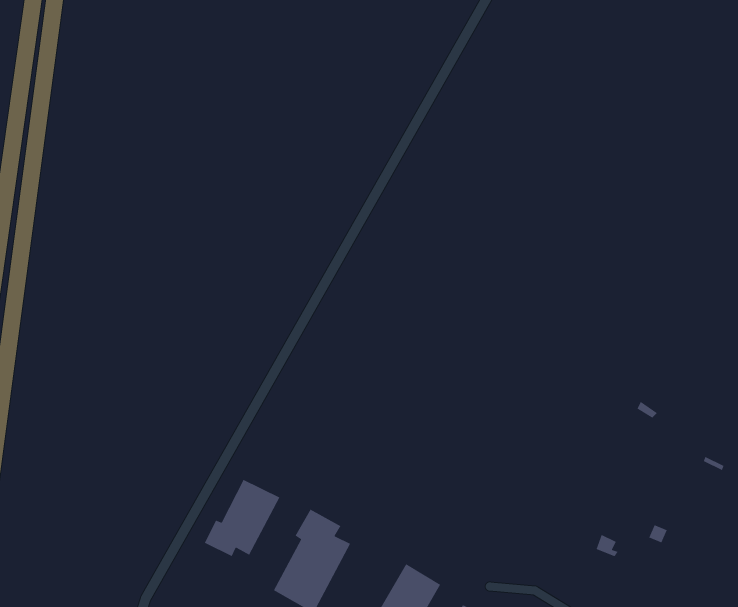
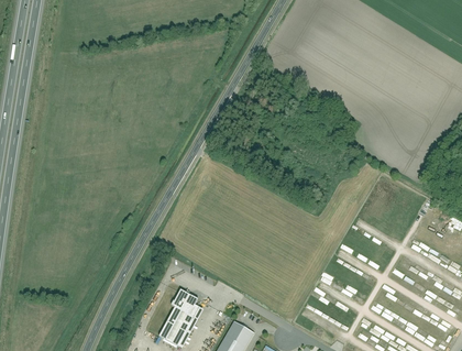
building: [204,479,280,557] -> none

